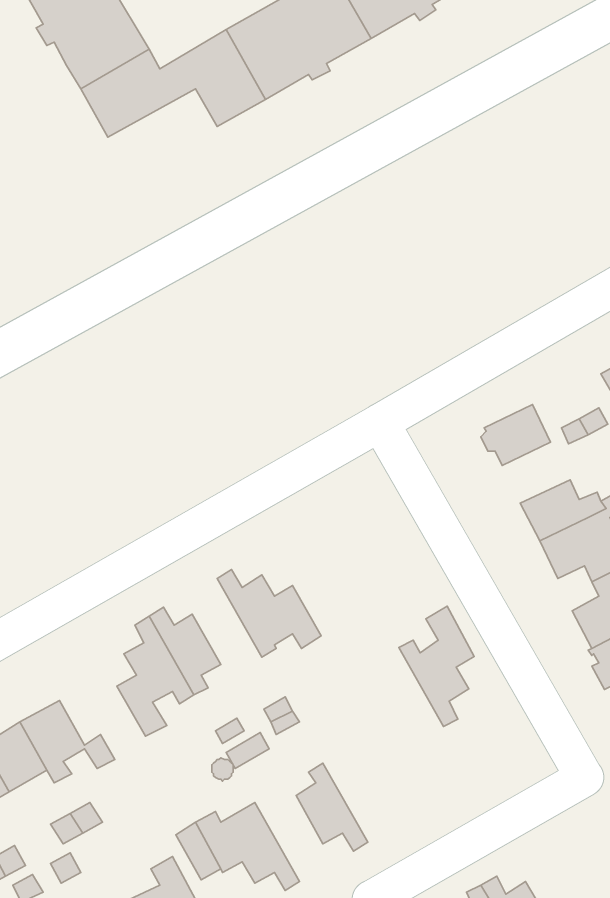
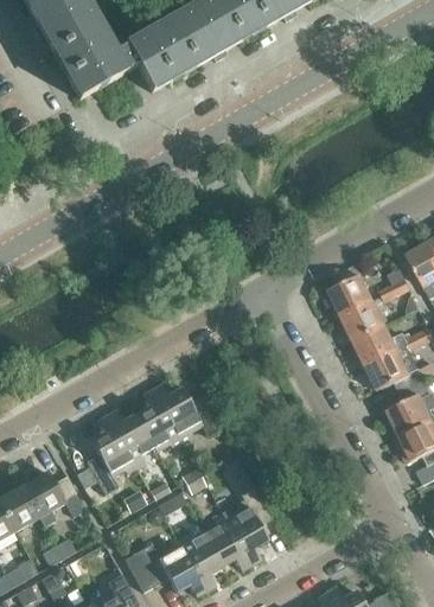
building: none -> [340,299,388,339]
building: none -> [135,389,181,449]
building: [399,606,474,726] -> [222,484,272,563]
building: none -> [177,531,222,589]

